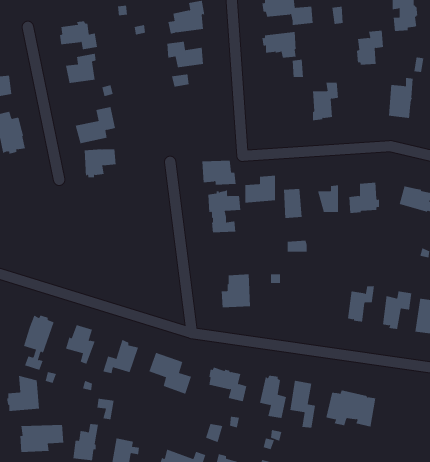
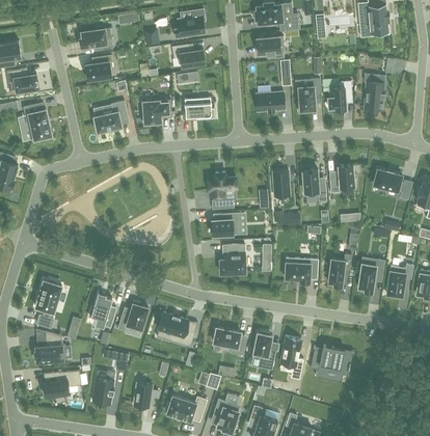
building: [356,30,384,65] -> [327,80,351,110]
building: none -> [256,91,284,111]
building: [84,149,116,178] -> [142,100,170,125]
building: [202,160,236,185] -> [184,98,214,119]
building: [245,175,276,203] -> [211,212,238,236]
building: none -> [284,257,317,281]

